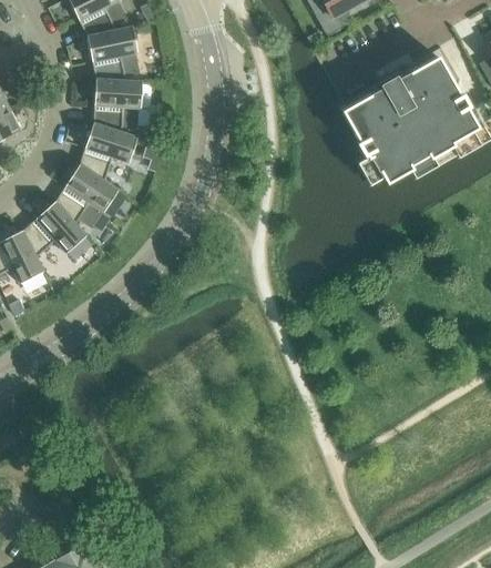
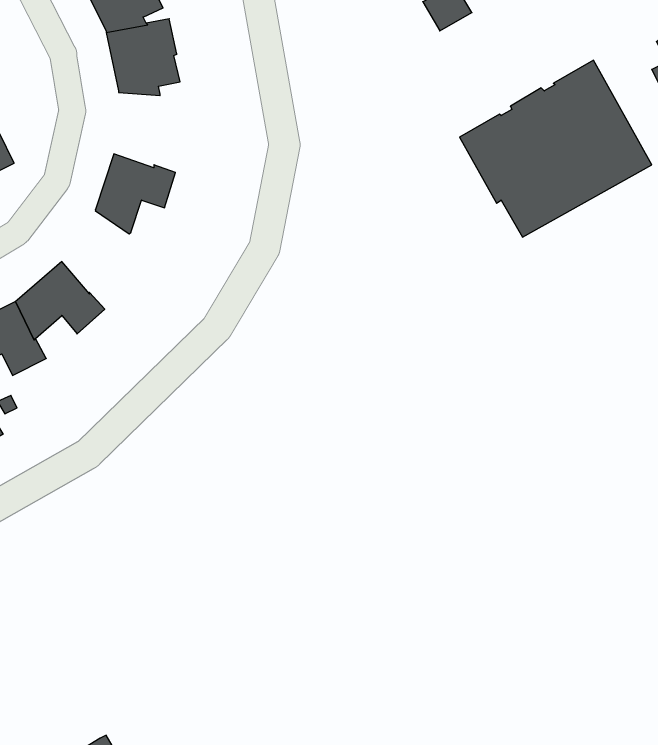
building: [92,79,142,133] -> none
building: [54,164,117,227] -> none

